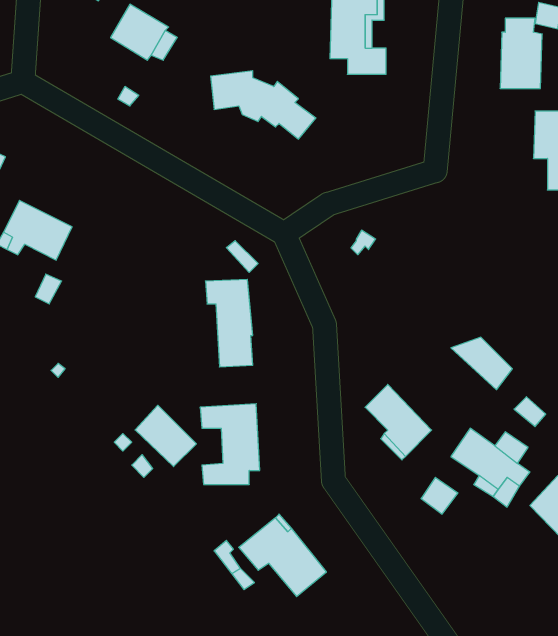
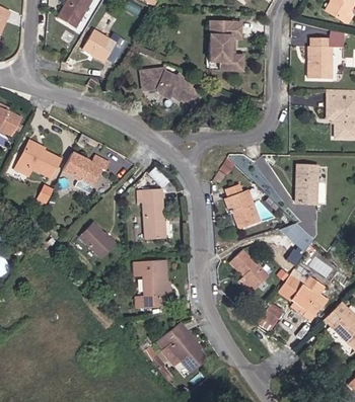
building: none -> [63,152,110,193]
building: none -> [295,164,316,204]
building: none -> [225,183,260,228]
building: [135,405,196,467] -> [79,222,115,257]

